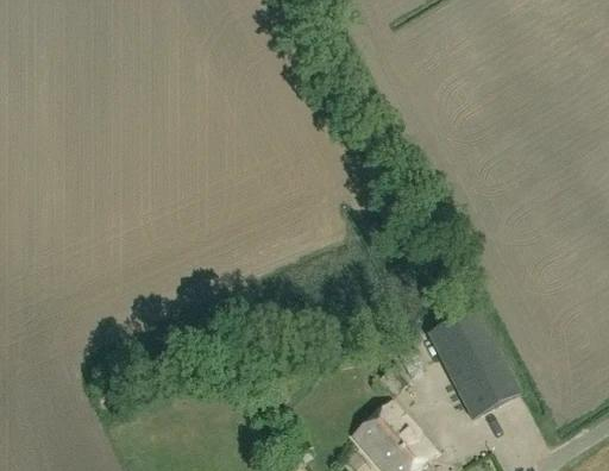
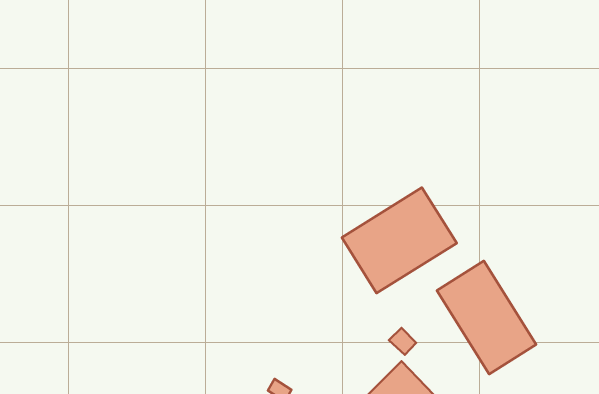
building: none -> [342,187,457,293]

